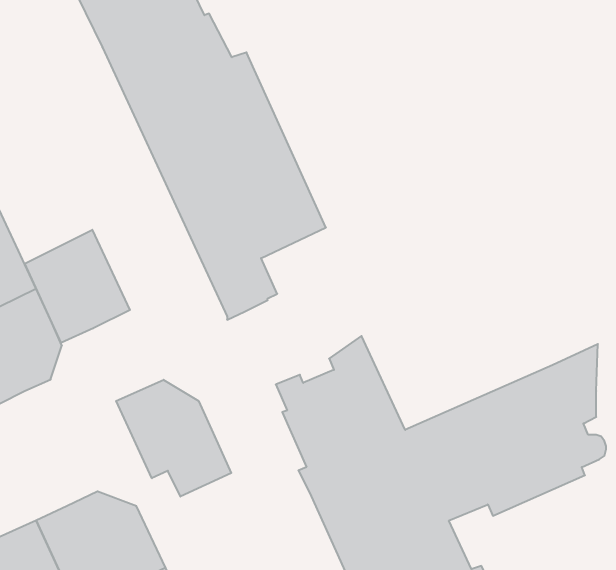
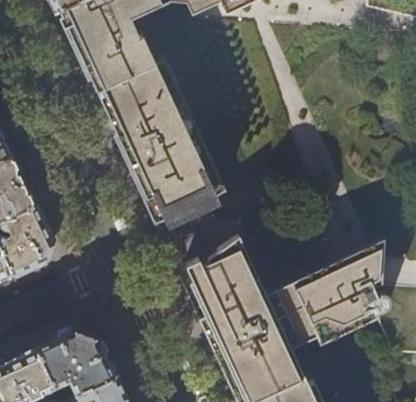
building: none -> [174,168,224,209]
building: [25,230,130,343] -> none
building: [116,380,231,497] -> none

